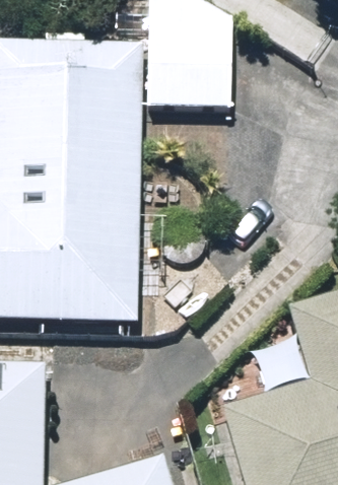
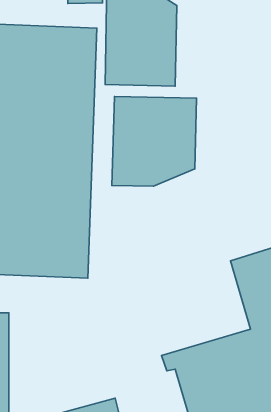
building: none -> [112,97,196,186]

